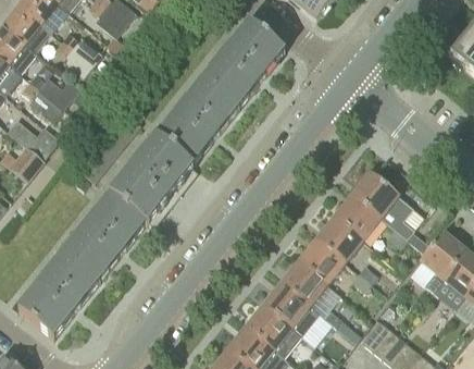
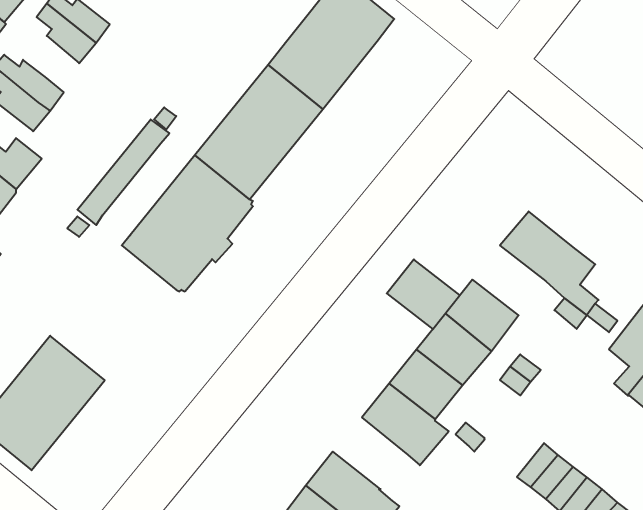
building: [64,194,145,280] -> none
building: [334,194,381,238] -> [387,259,460,329]
building: [245,304,301,357] -> none

